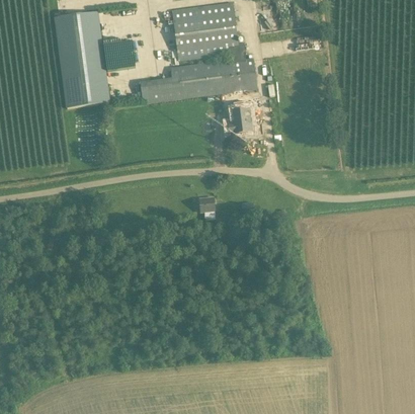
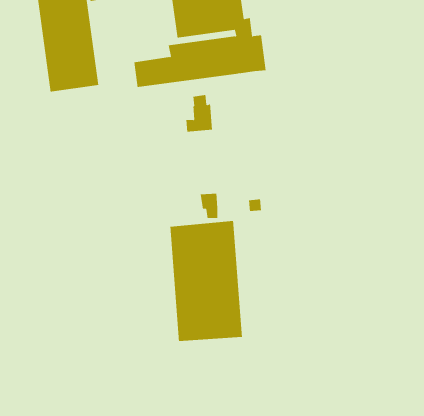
building: [228,100,252,134] -> [185,94,213,132]
building: none -> [170,220,242,342]

